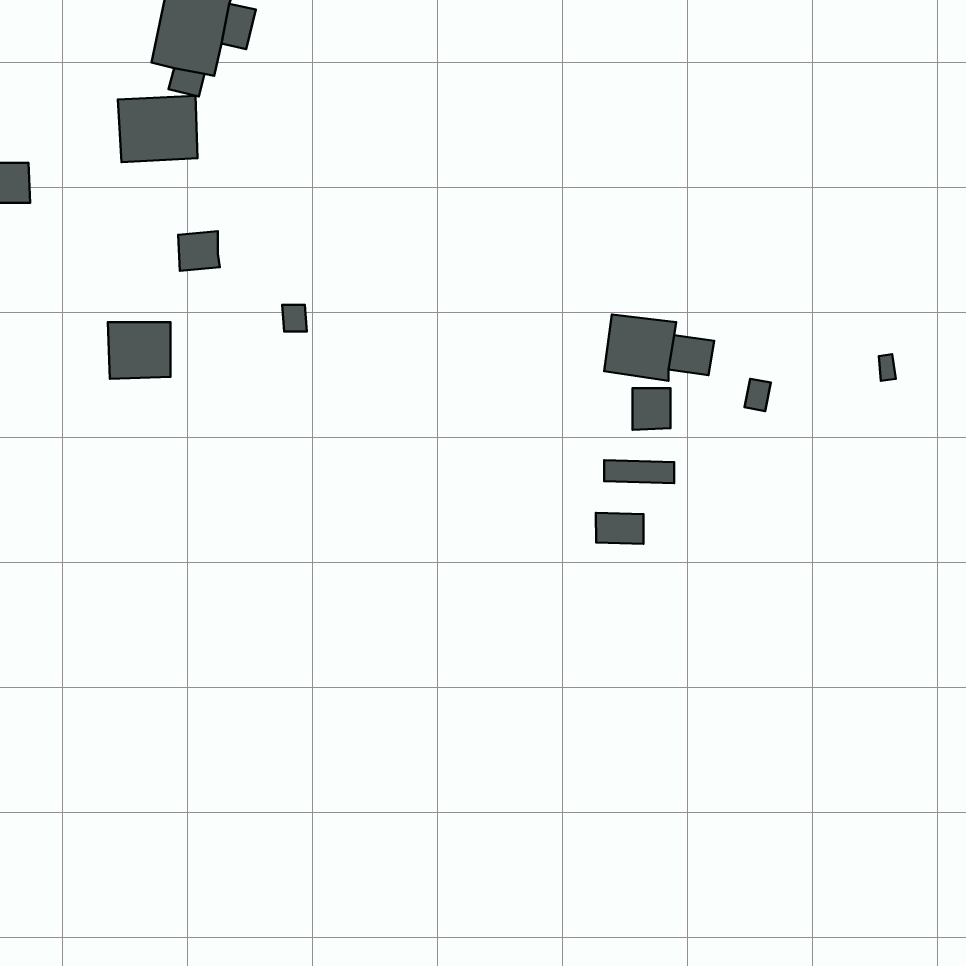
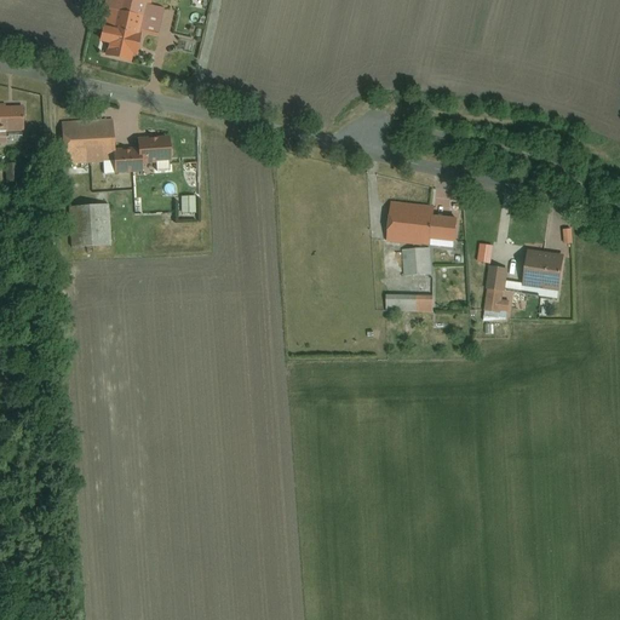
building: [118,96,197,162] -> [61,119,111,161]
building: none -> [138,133,172,162]
building: none -> [521,248,562,286]
building: none -> [484,266,509,312]
building: [596,513,644,544] -> none

